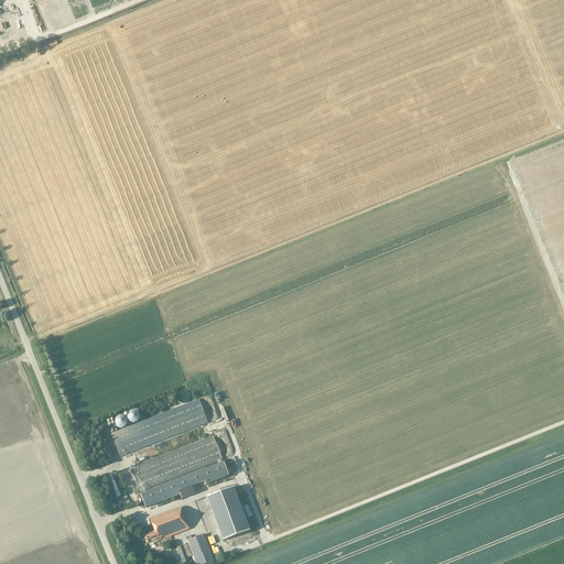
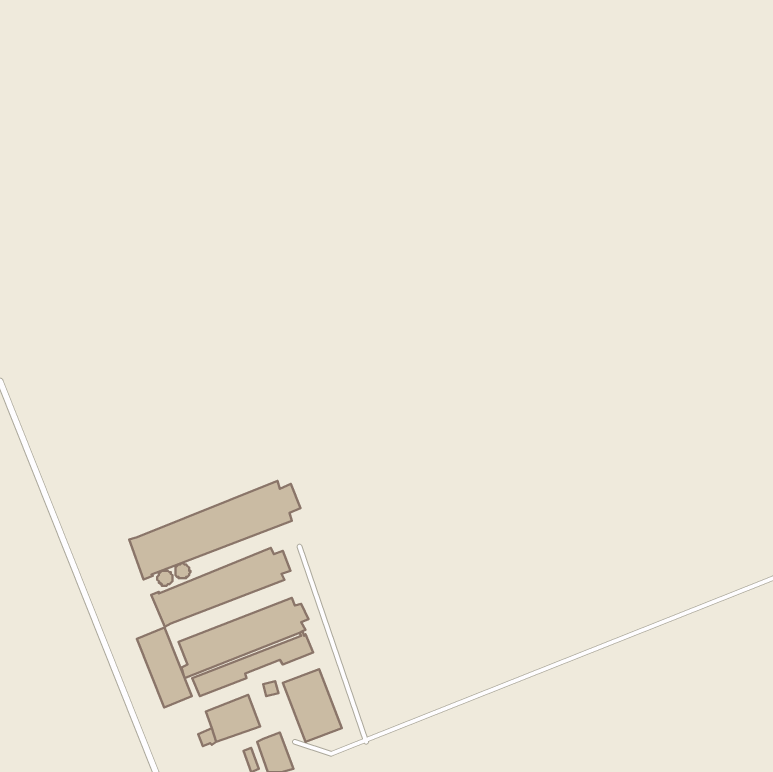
building: none -> [129,481,300,580]
building: none -> [137,627,192,708]

